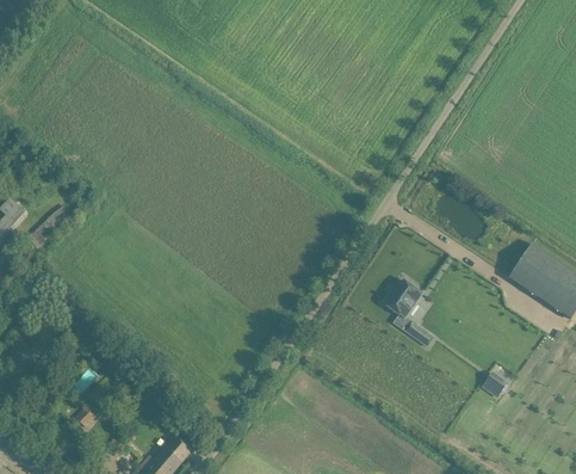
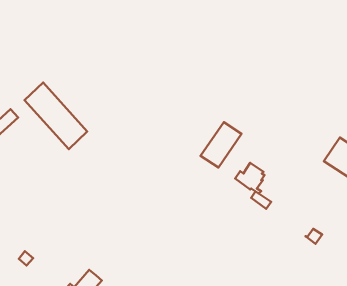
building: none -> [25,83,87,149]
building: none -> [200,122,242,168]

